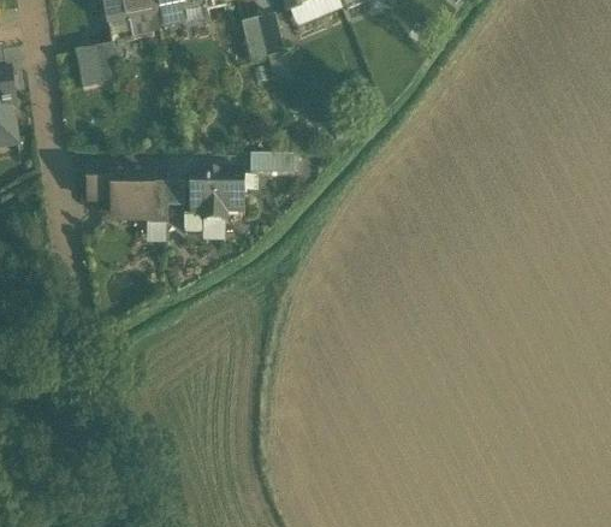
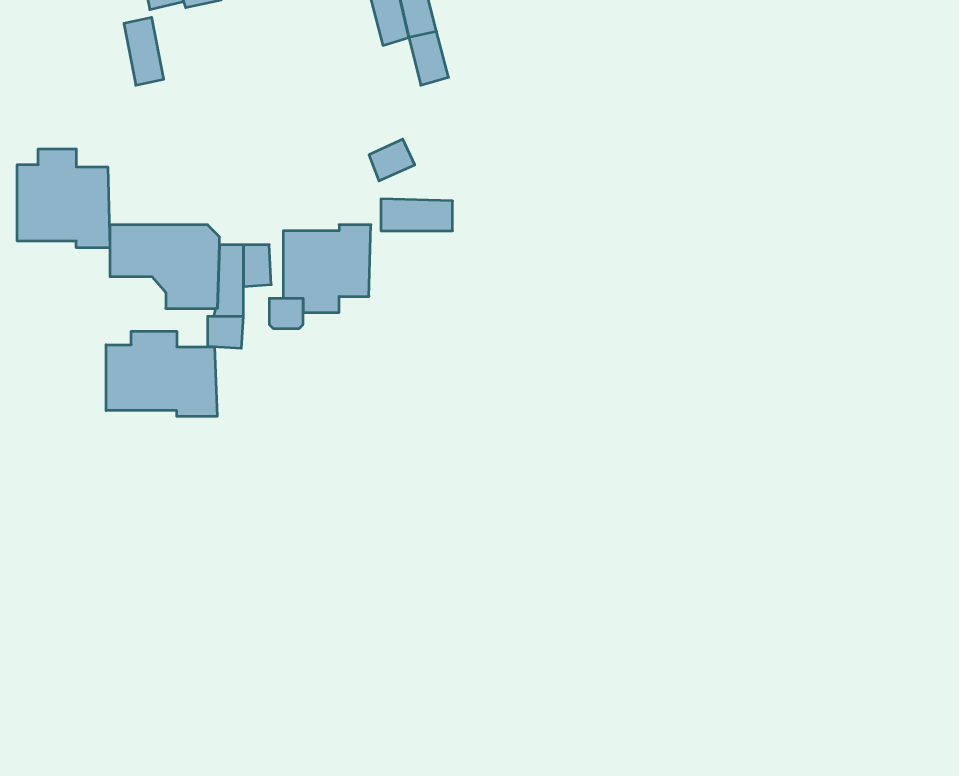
building: [75,46,102,87] -> none
building: none -> [17,149,110,248]
building: none -> [106,331,217,416]

